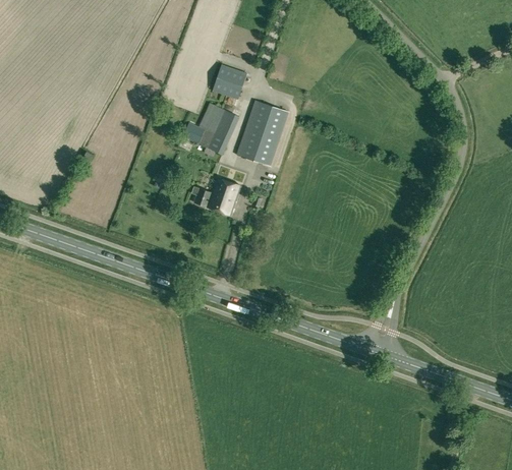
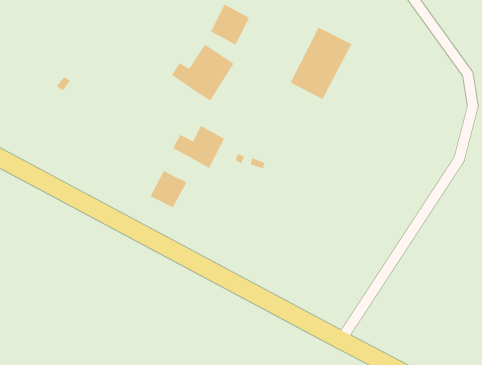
building: [237,101,289,167] -> [289,26,353,100]
building: none -> [149,170,187,208]

